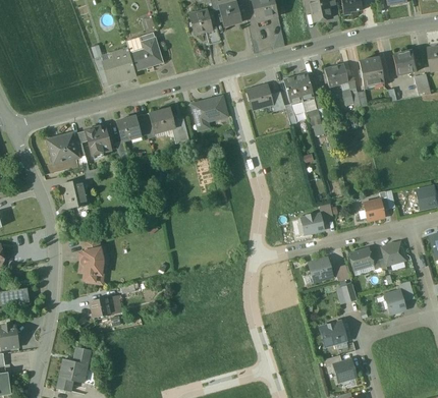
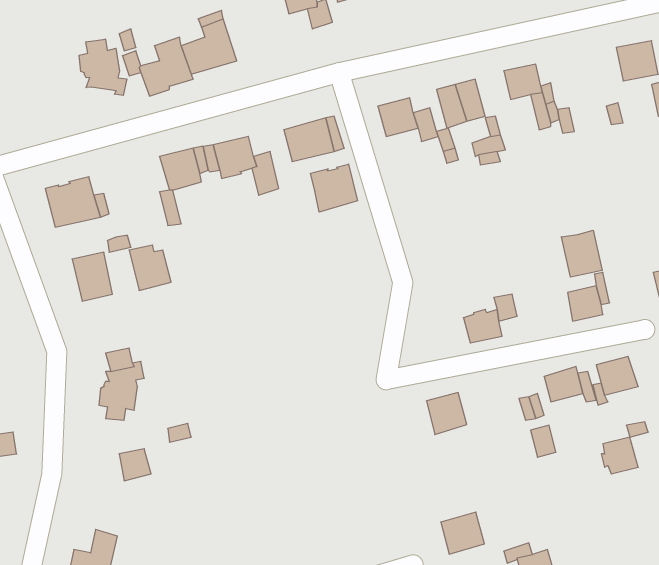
building: none -> [79,39,127,95]
building: [360,57,384,86] -> none
building: none -> [311,164,358,212]
building: [86,127,111,155] -> [129,245,171,290]
building: none -> [561,230,602,277]
building: [309,257,333,282] -> [426,393,467,435]
building: [320,321,346,346] -> [441,512,484,554]

